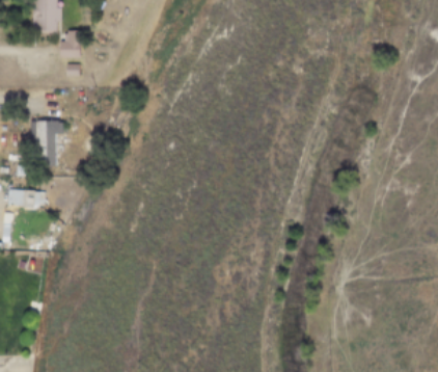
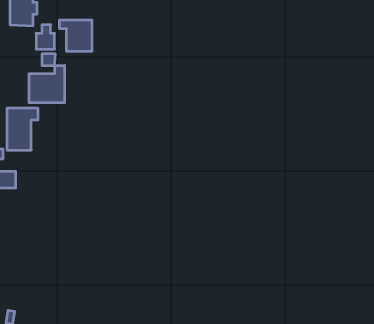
building: none -> [60,20,92,51]
building: none -> [29,65,65,103]

